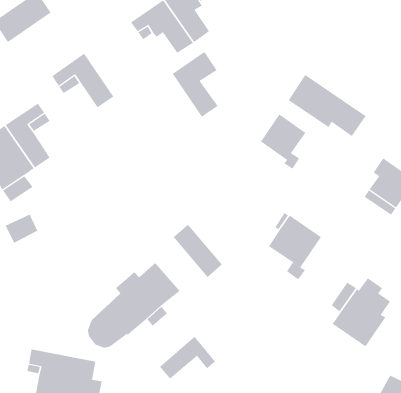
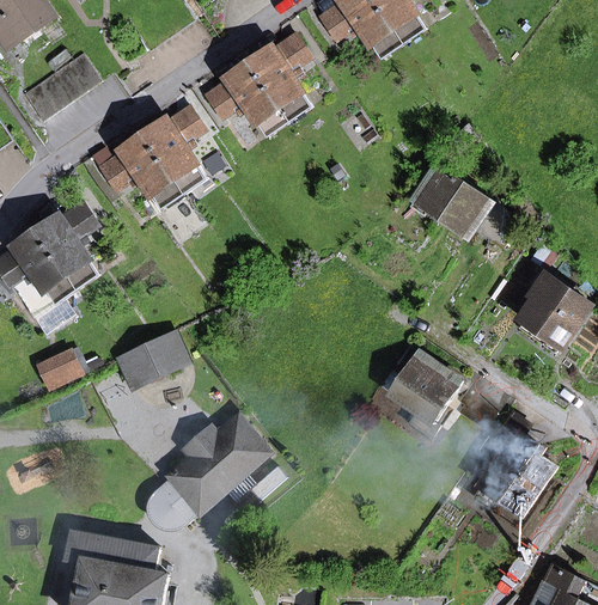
building: [172,51,218,118] -> [142,104,205,192]
building: [260,114,306,169] -> none
building: none -> [117,331,188,387]
building: [173,224,223,278] -> none
building: [159,336,216,379] -> none

